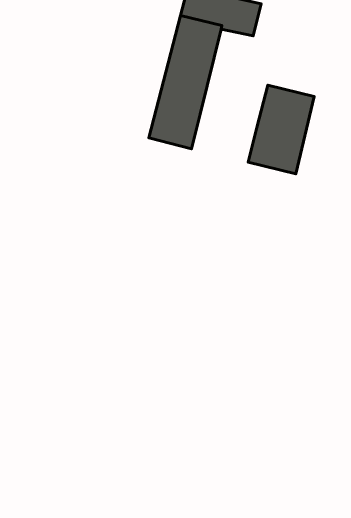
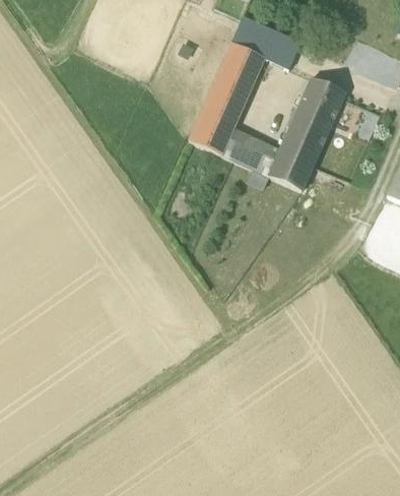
building: none -> [293,74,347,128]
building: none -> [221,126,278,173]

